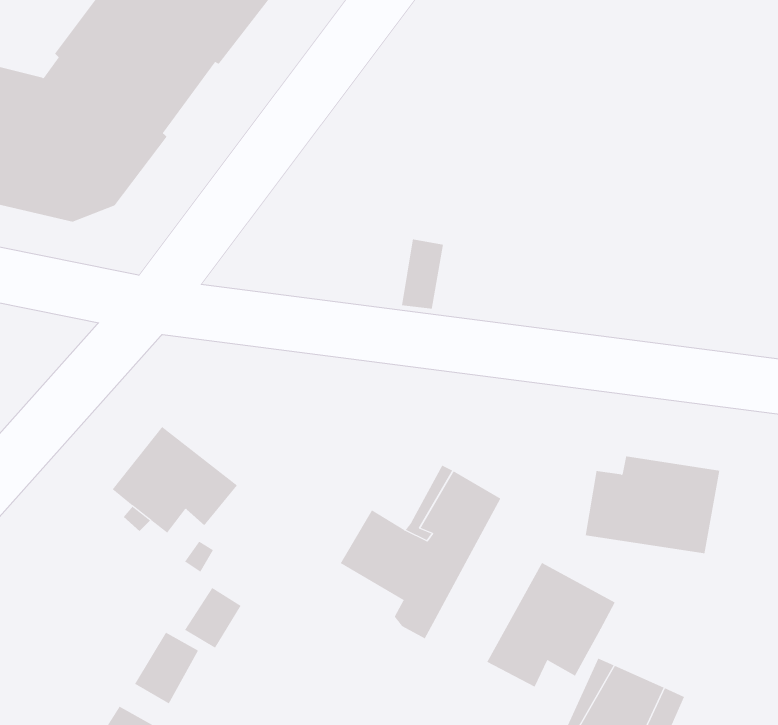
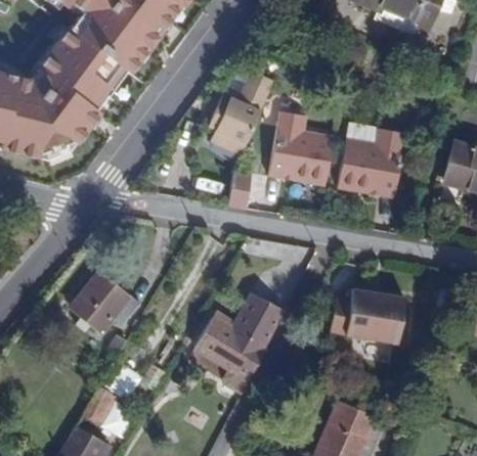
building: none -> [210,77,272,153]
building: none -> [269,110,335,185]
building: none -> [339,123,406,197]
building: [486,562,615,688] -> none

